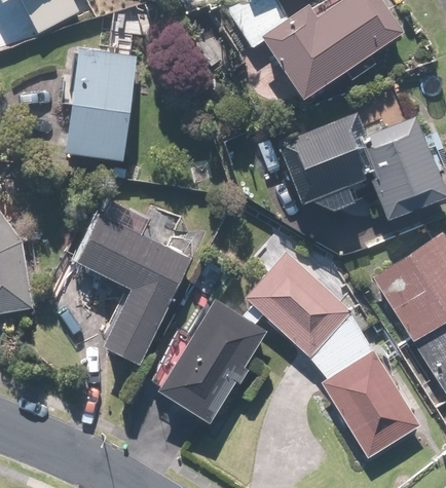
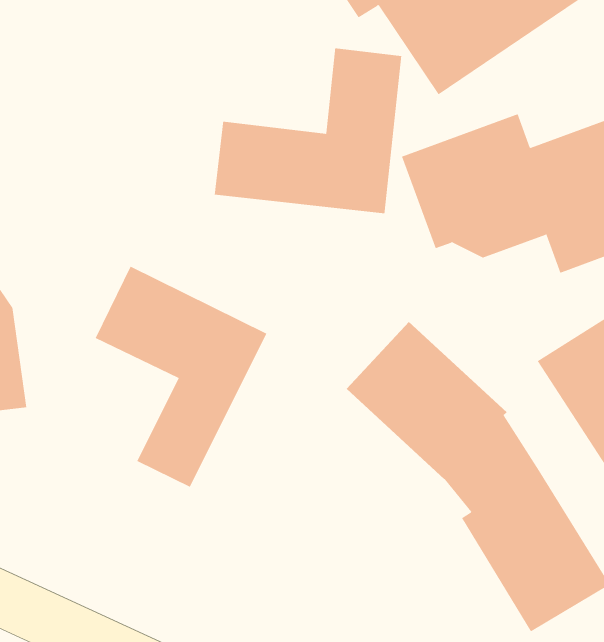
building: [67,51,136,160] -> none
building: none -> [214,48,402,214]
building: [158,298,267,420] -> none

